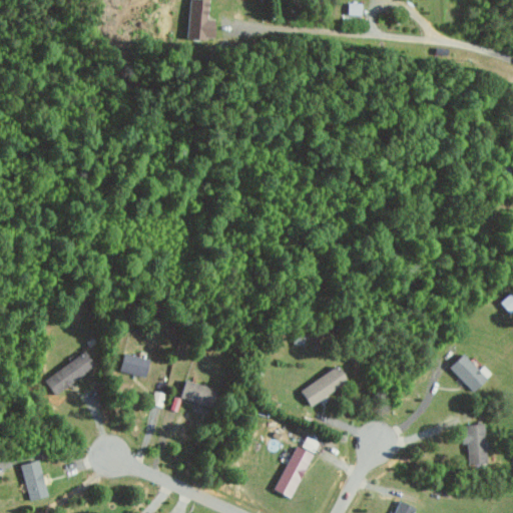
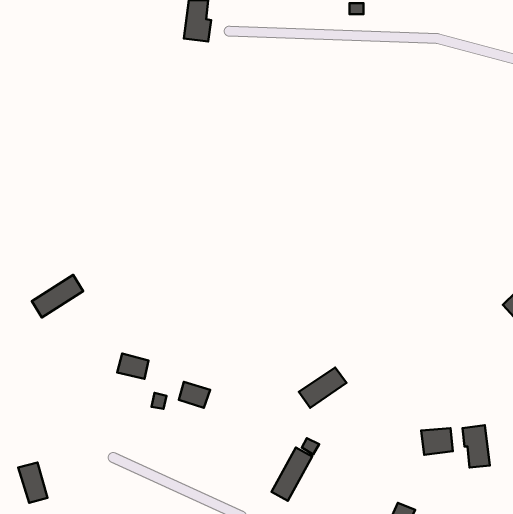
building: [46,353,97,395] -> [32,275,83,317]
building: [449,353,487,392] -> none
building: none -> [421,428,453,455]

